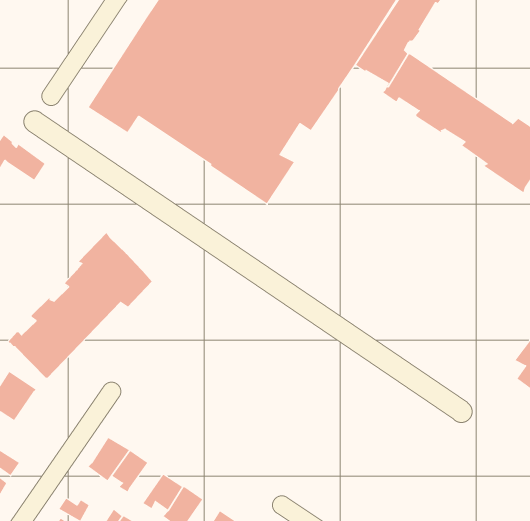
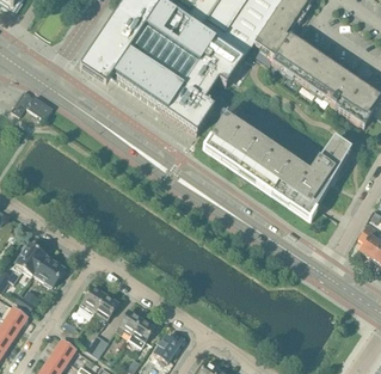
building: none -> [203,115,350,219]
building: [8,232,152,378] -> none
building: none -> [31,256,63,287]

